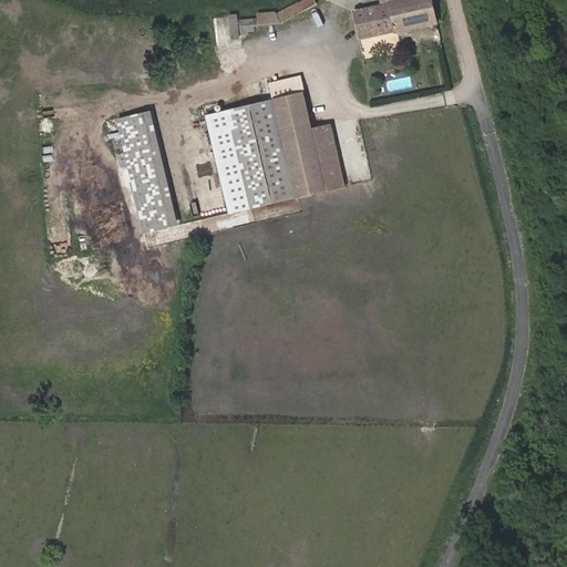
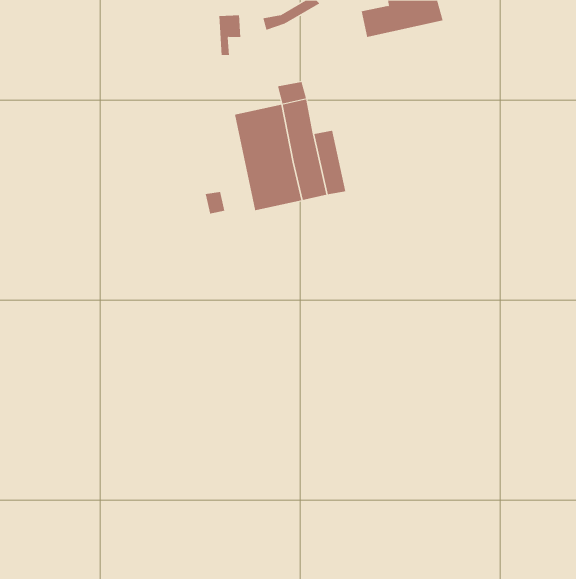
building: [114,111,177,234] -> none
building: [206,112,249,210] -> none

